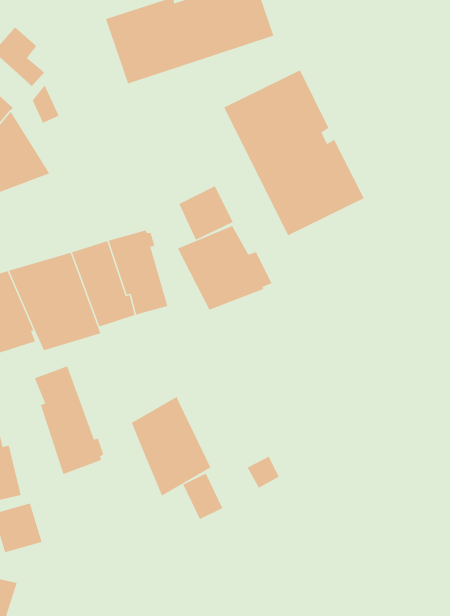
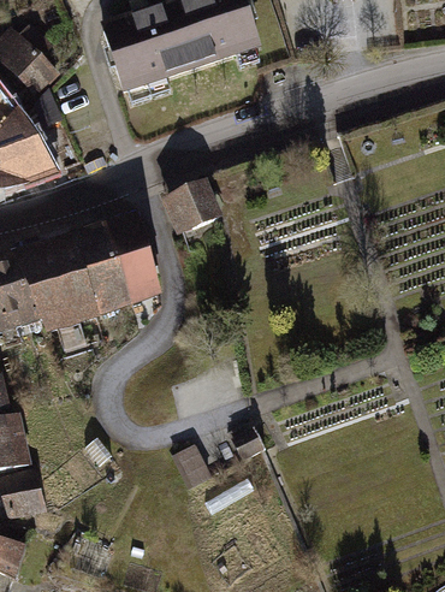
building: [223,69,364,236] -> none
building: [177,225,272,310] -> none
building: [34,365,104,475] -> none
building: [131,396,211,497] -> none

